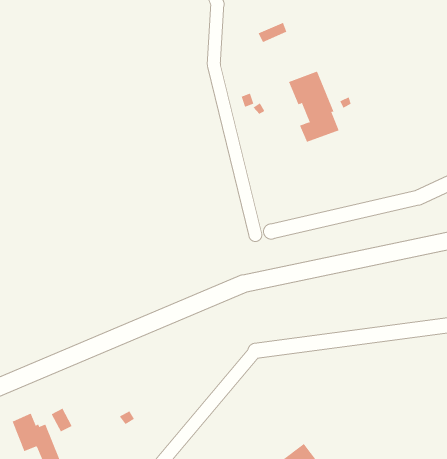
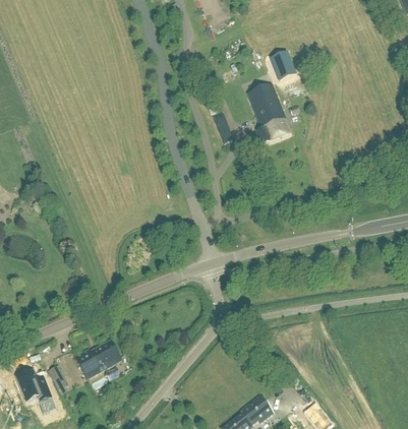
building: none -> [271,51,296,80]
building: none -> [75,340,120,378]

